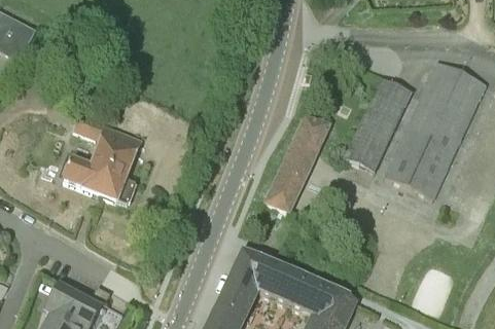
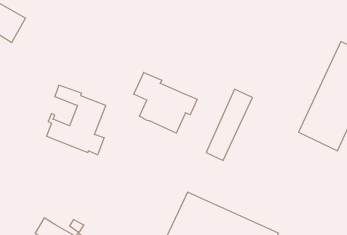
building: [344,75,411,170] -> none
building: none -> [134,72,197,133]

